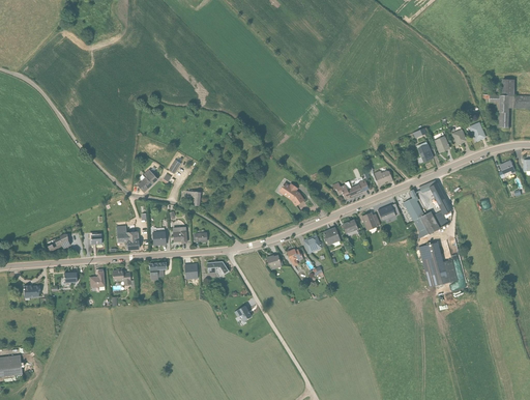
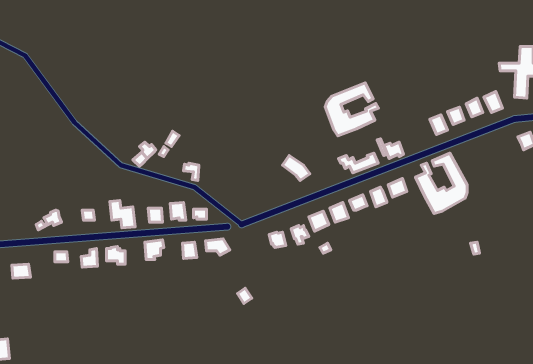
building: none -> [325,83,379,136]
building: [421,242,457,284] -> none

